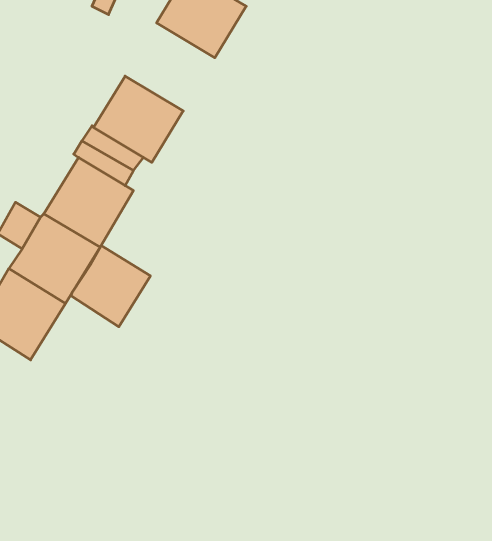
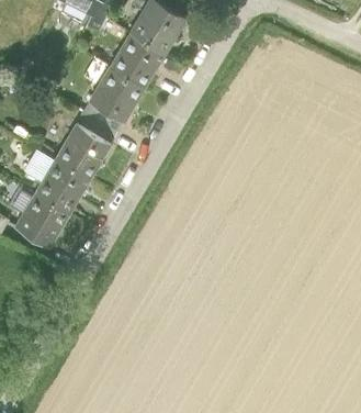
building: none -> [110,29,169,87]
building: [71,246,150,327] -> none

